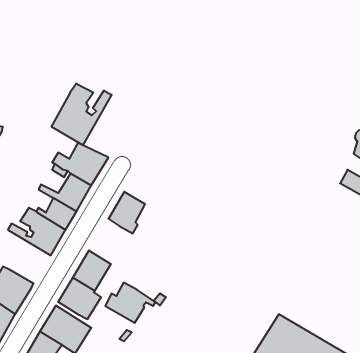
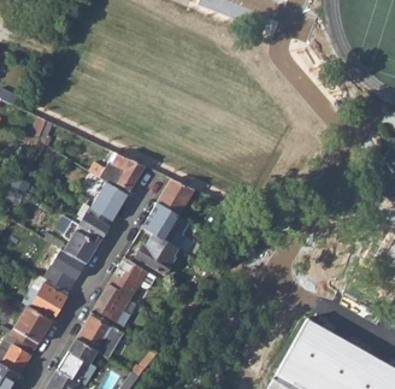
building: [52,83,112,145] -> none
building: none -> [159,179,193,212]
building: none -> [42,237,87,290]
building: [105,283,156,323] -> [136,234,185,273]

